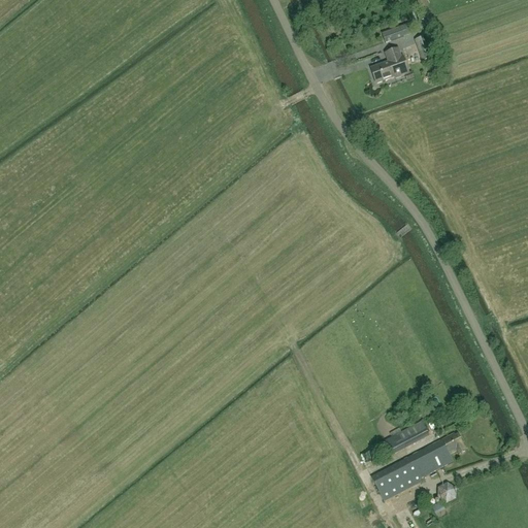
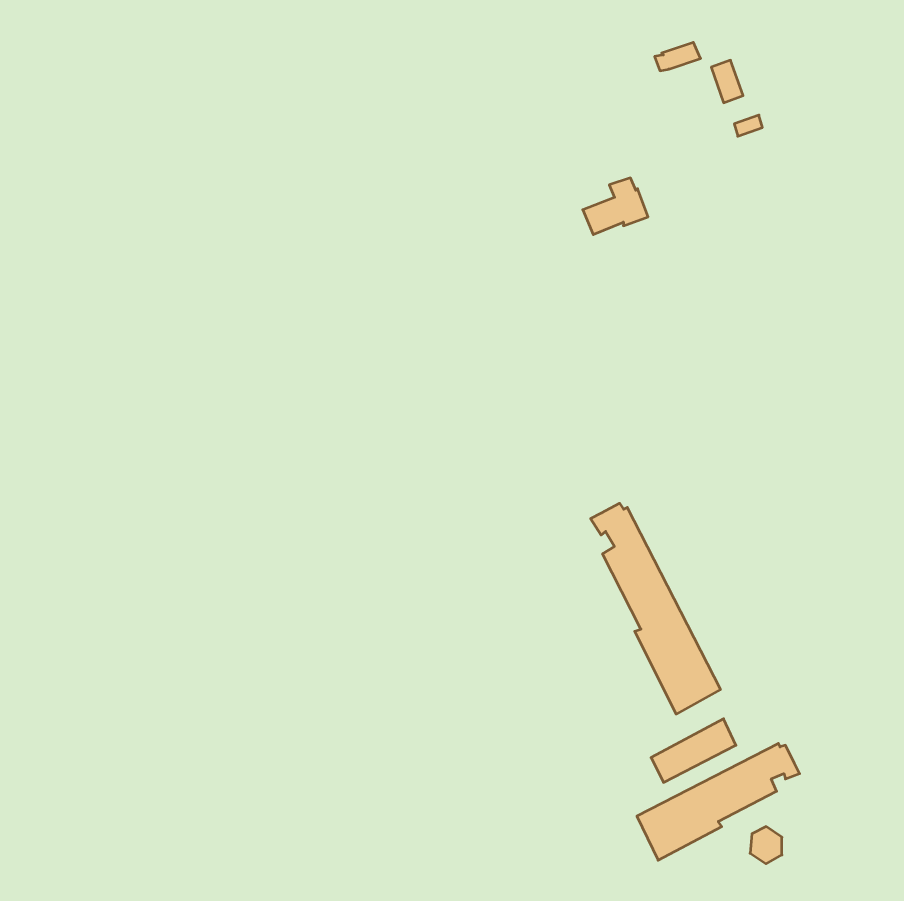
building: [370,50,408,82] -> [583,178,648,235]
building: none -> [591,503,720,714]

